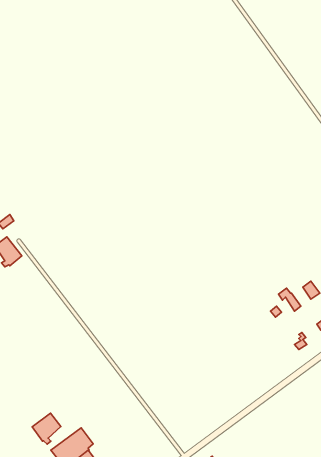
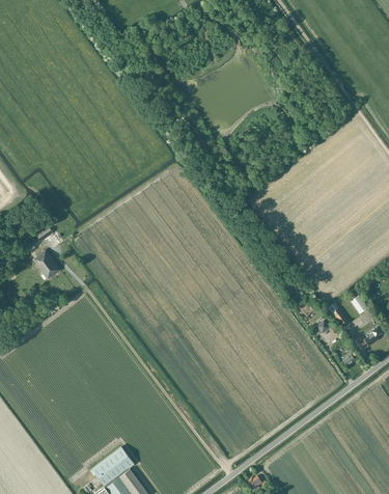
building: [32,413,61,444] -> none

